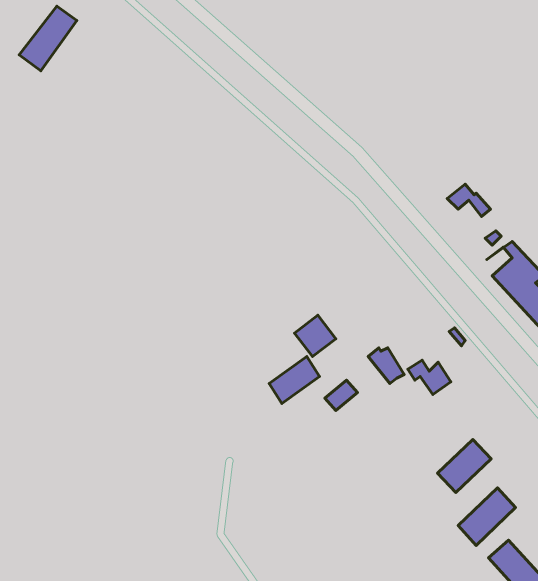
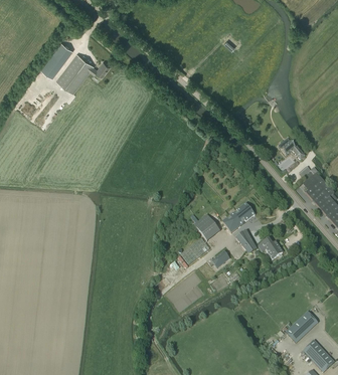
building: none -> [56,53,110,93]
building: none -> [221,203,255,234]
building: [437,439,491,493] -> none

